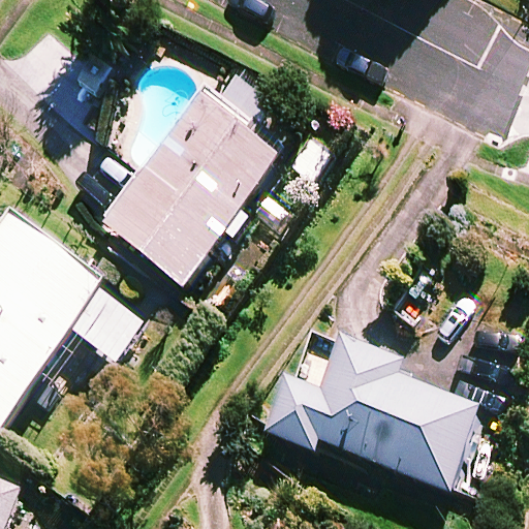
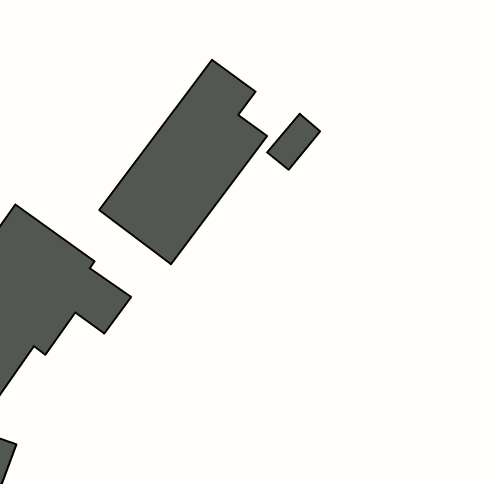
building: [268,333,479,490] -> none

